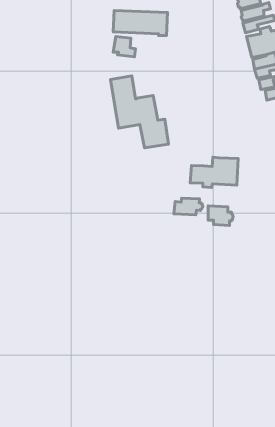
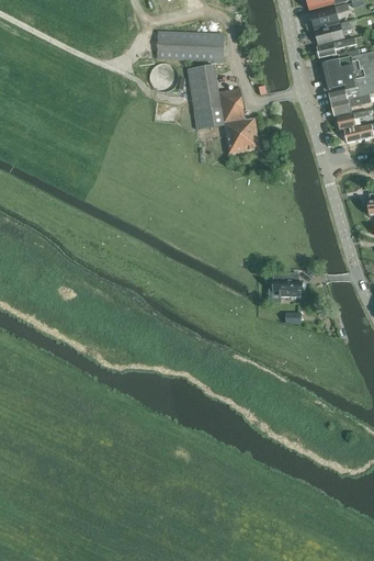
building: [111,76,168,148] -> [188,65,259,154]
building: [190,157,238,188] -> none
building: [174,198,203,215] -> none

